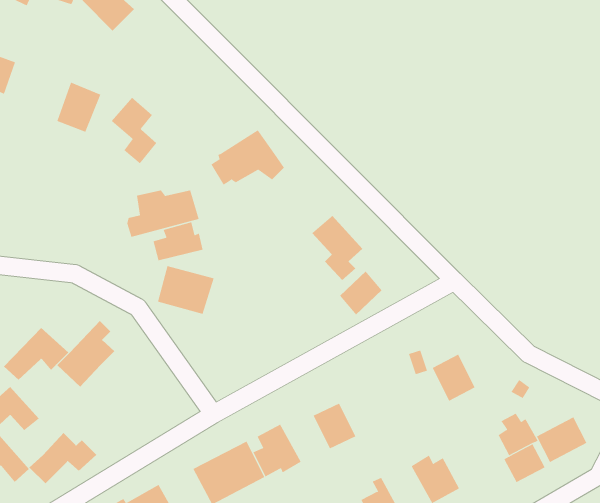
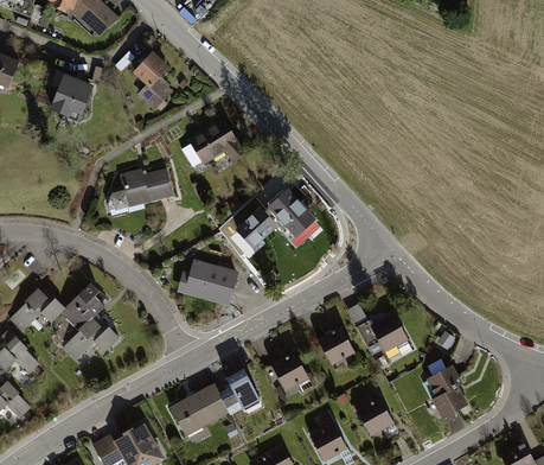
building: [111,97,157,164] -> [134,53,173,110]
building: [153,221,203,261] -> none
building: [157,265,214,314] -> [187,260,236,301]
building: [339,270,383,315] -> [237,209,274,247]
building: none -> [318,323,354,362]
building: [536,416,587,463] -> none
building: [29,432,97,484] -> [62,319,120,363]

